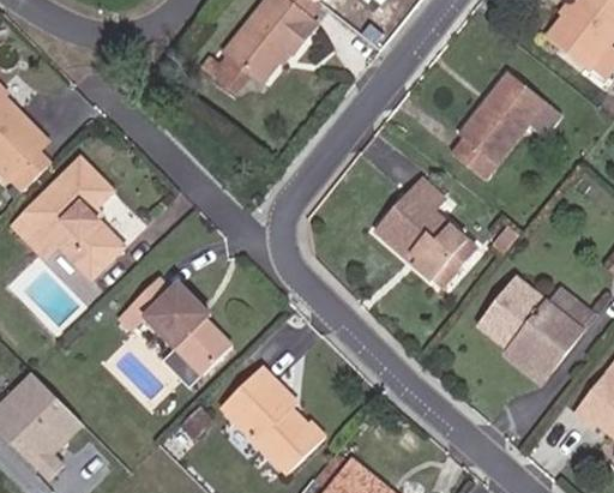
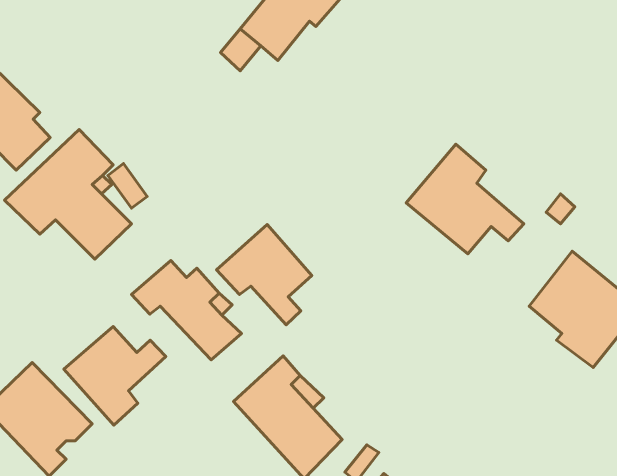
building: [464,66,554,168] -> none
building: none -> [217,225,312,325]
building: none -> [64,326,166,425]

